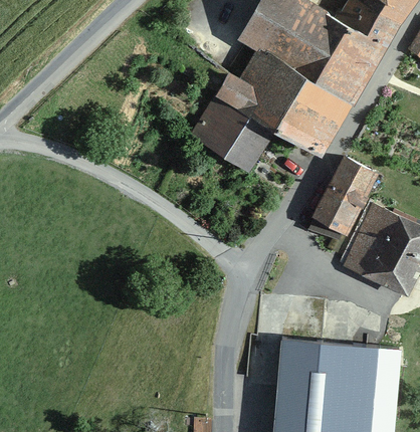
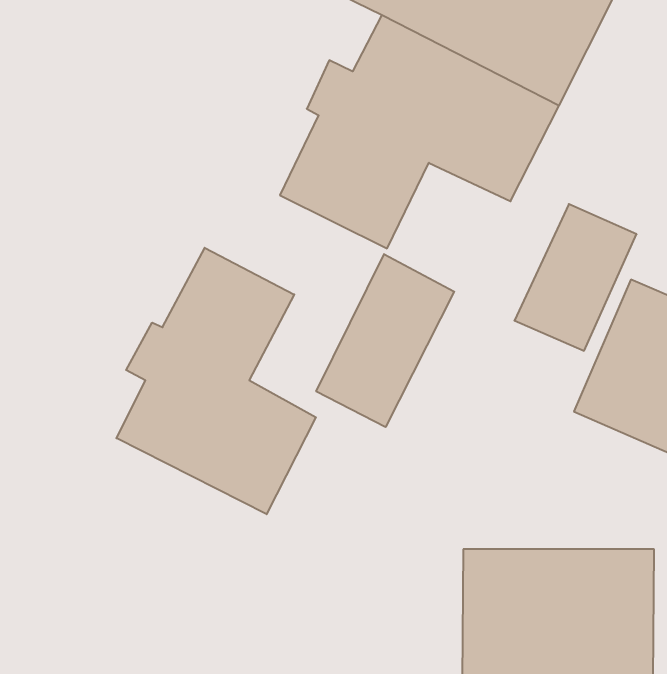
building: none -> [116,248,316,514]
building: none -> [316,254,454,427]

